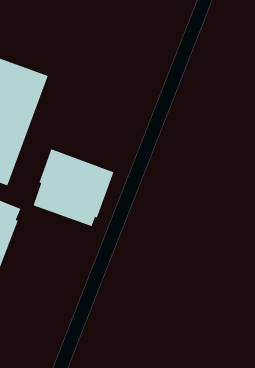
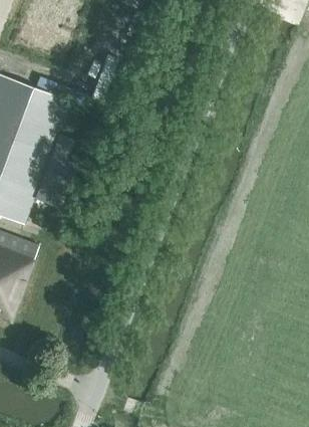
building: [33,148,115,227] -> none

